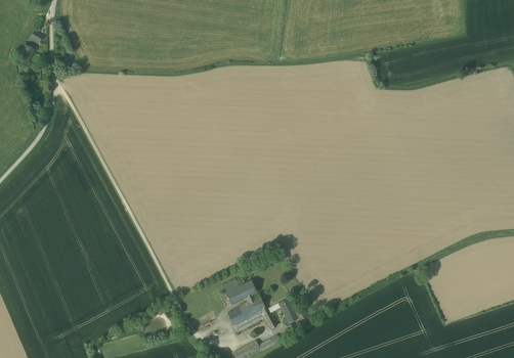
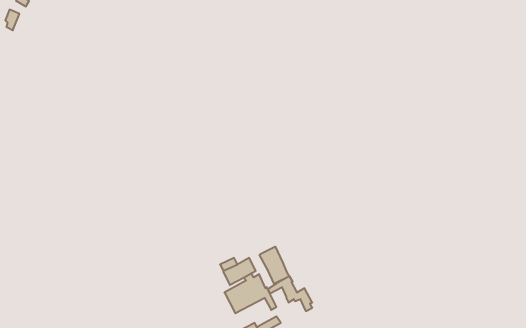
building: none -> [260,247,289,284]

